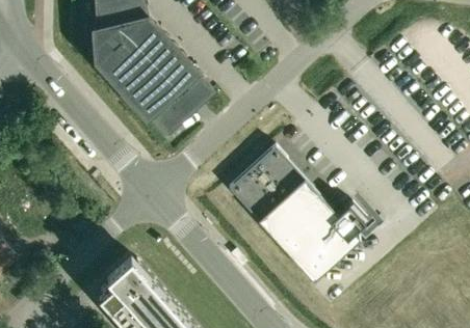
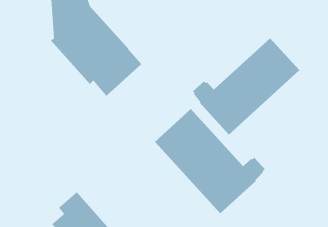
building: none -> [192,37,300,135]

